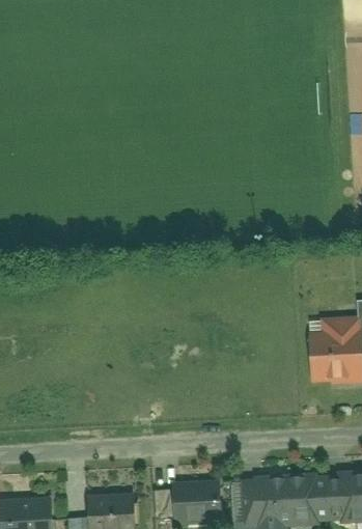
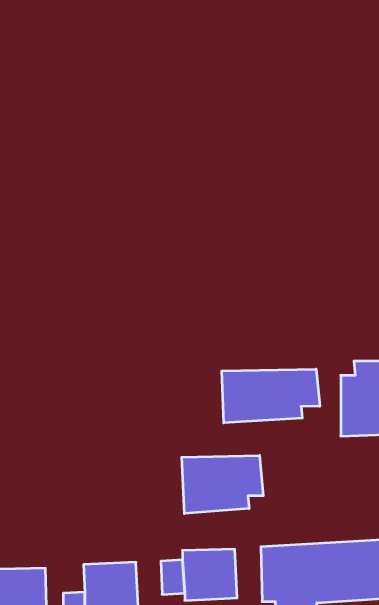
building: none -> [222,369,320,423]
building: none -> [182,455,263,514]

